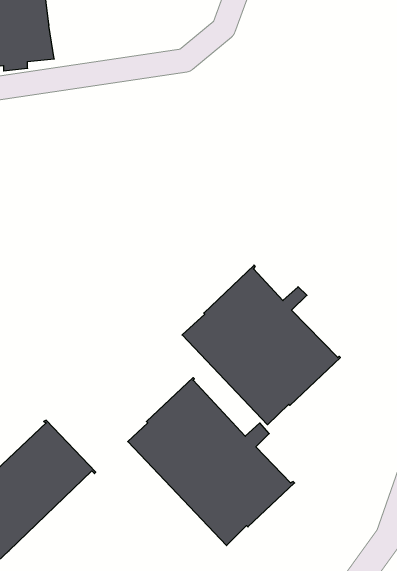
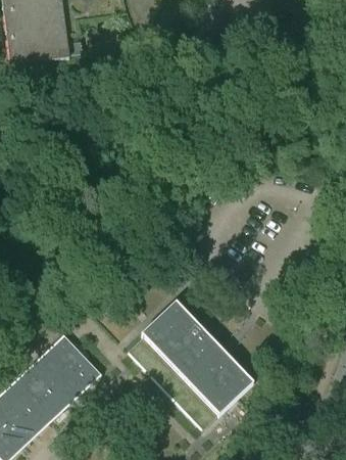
building: [182,265,340,425] -> none

